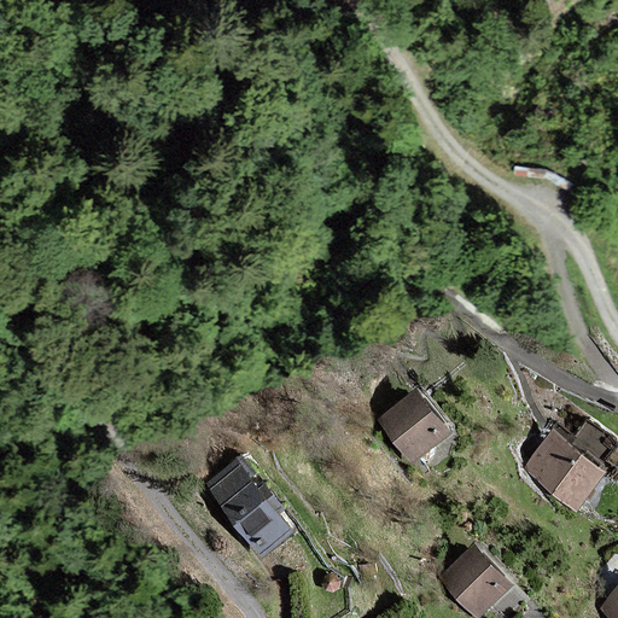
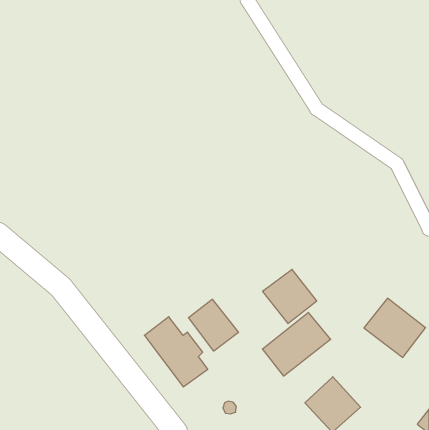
building: none -> [189,299,238,351]
building: none -> [262,312,331,376]

